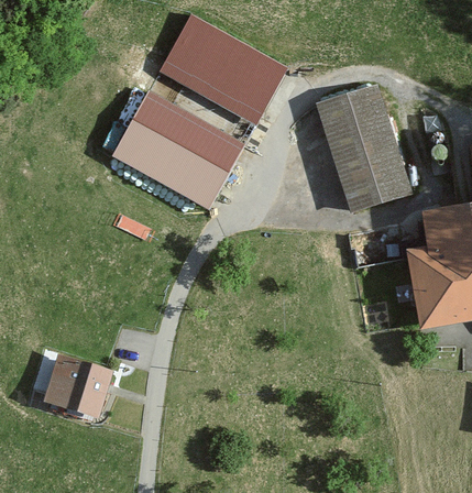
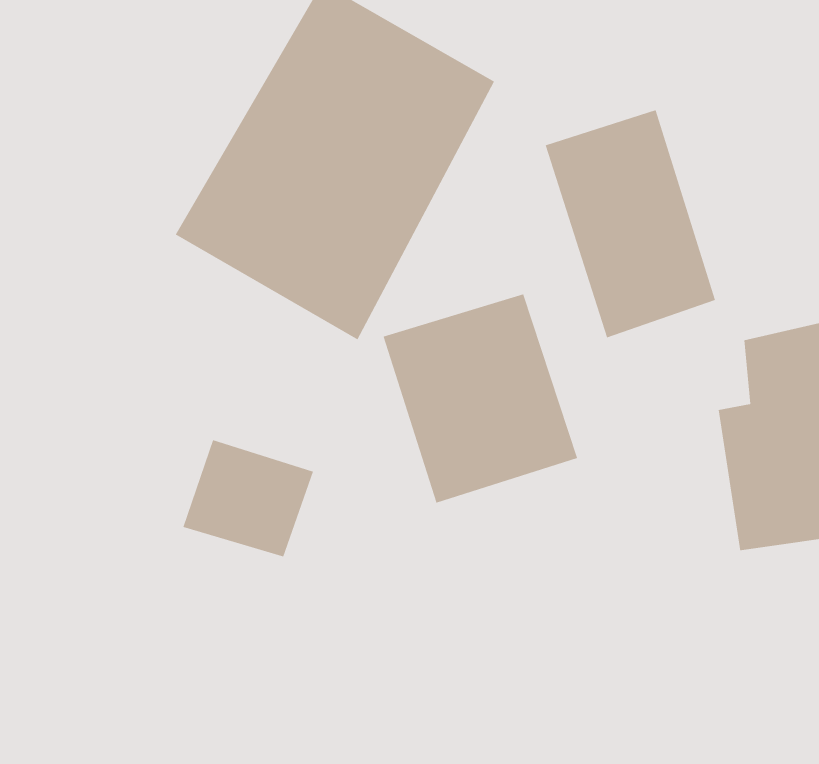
building: none -> [383,293,578,504]
building: [43,352,116,417] -> [183,440,314,557]

